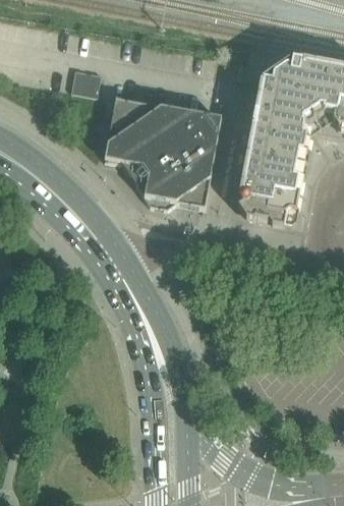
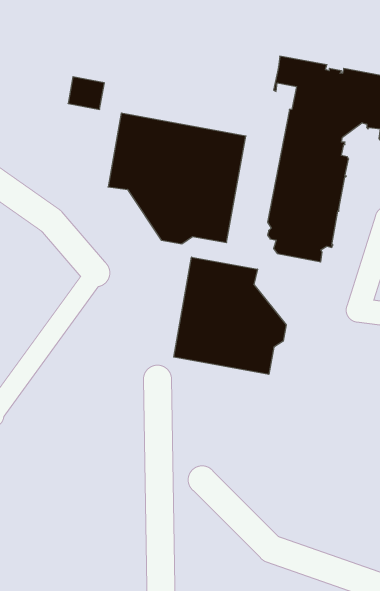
building: none -> [174,257,286,374]

